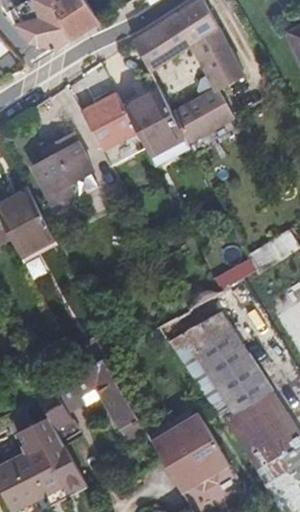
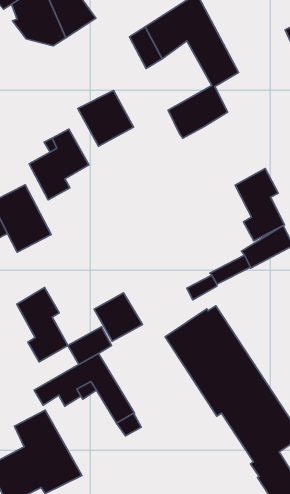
building: [124,87,184,155] -> none
building: none -> [235,168,285,241]
building: none -> [17,287,68,362]
building: none -> [94,293,143,341]
building: [150,411,229,492] -> none

